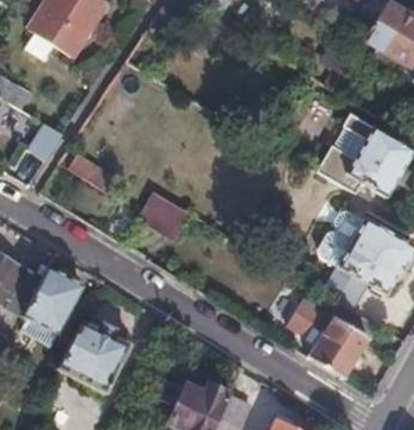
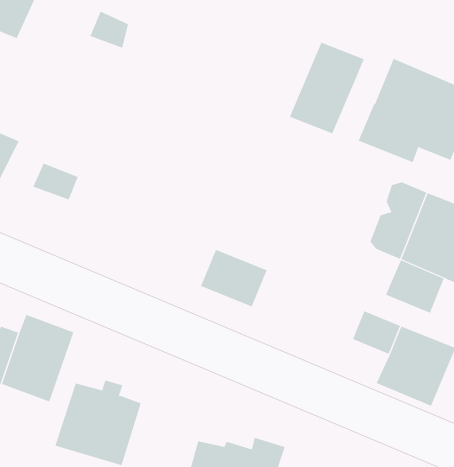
building: none -> [289,42,364,134]
building: [138,190,190,238] -> [200,249,267,307]

